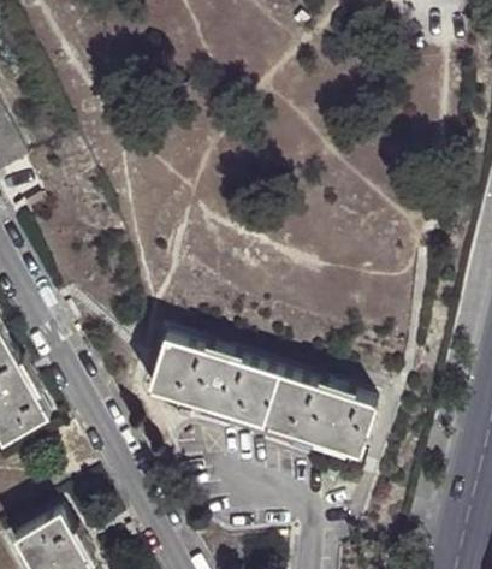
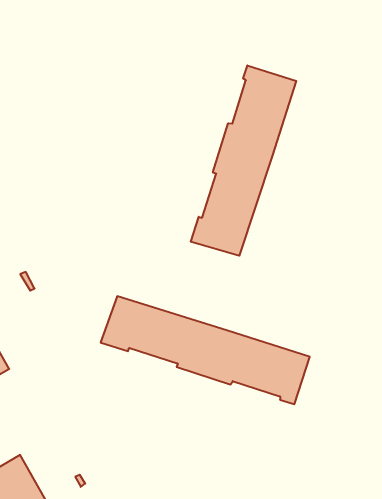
building: none -> [191,65,296,256]

